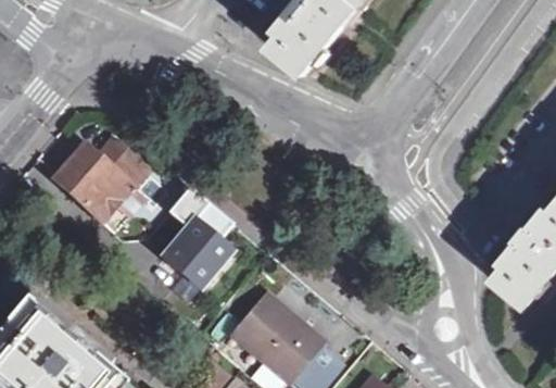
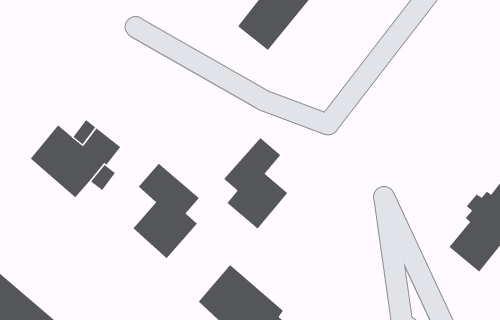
building: none -> [223,137,288,230]

